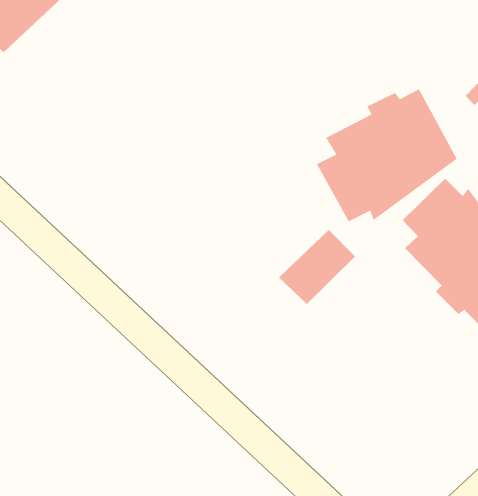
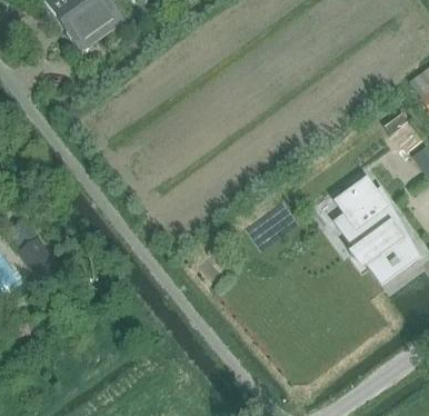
building: [316,89,457,222] -> none

